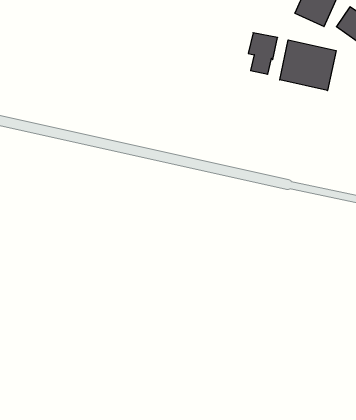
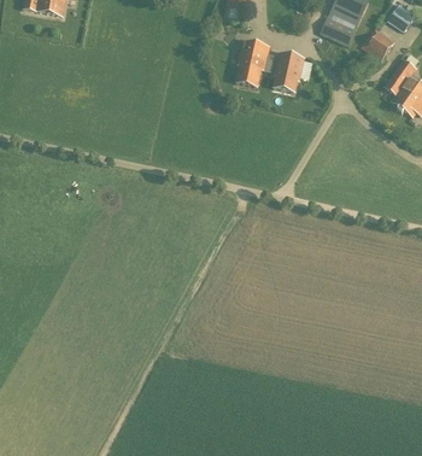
building: none -> [236,40,270,86]
building: [280,40,336,91] -> none

